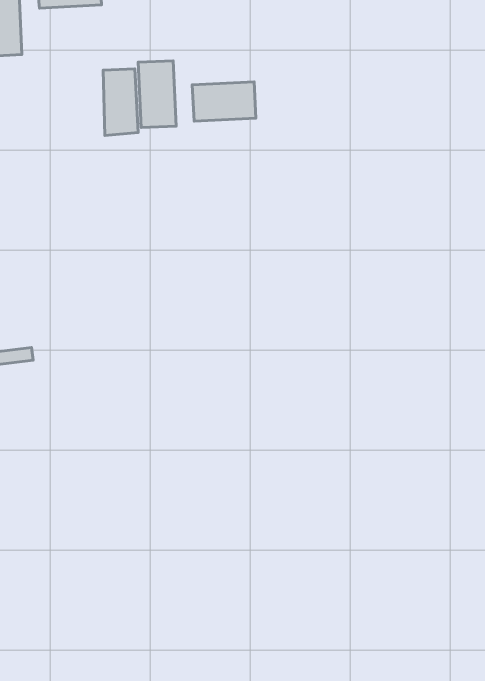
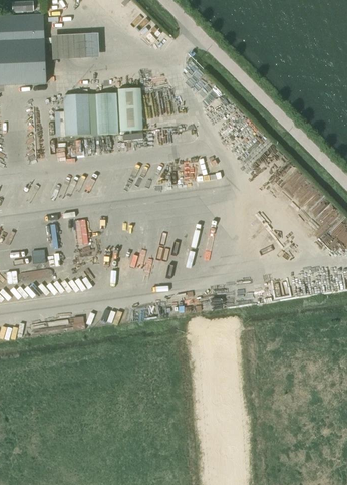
building: none -> [63,94,89,137]
building: [192,82,256,121] -> none

